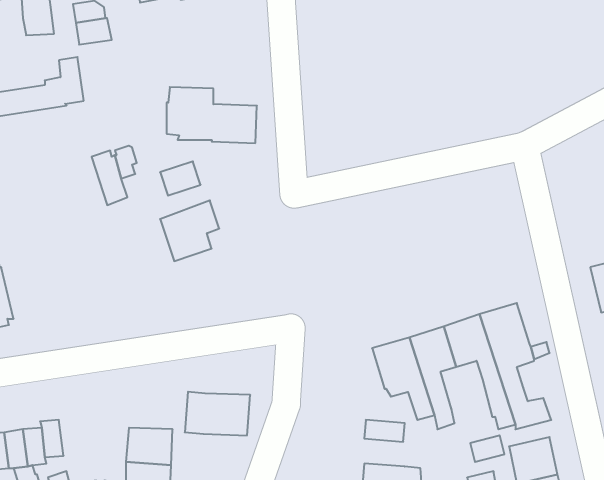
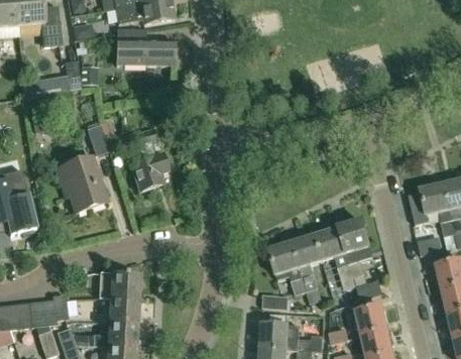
building: [167,87,257,143] -> [114,28,172,65]
building: none -> [54,156,106,213]
building: [185,392,250,435] -> [97,272,139,301]

